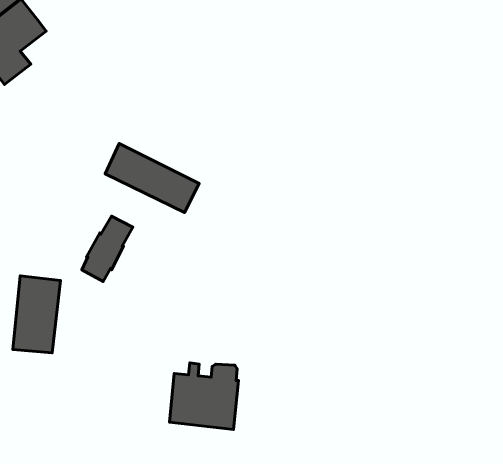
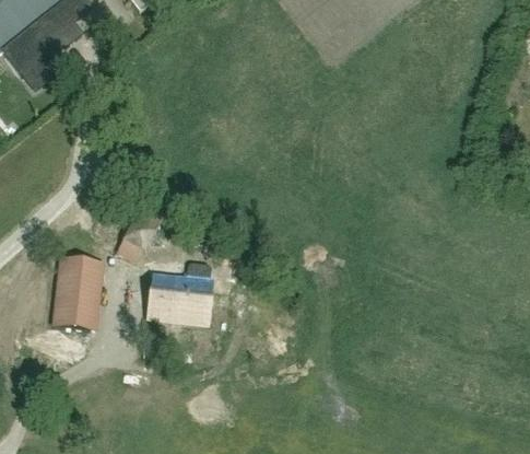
building: [105,144,199,212] -> none
building: [170,363,238,429] -> [149,264,212,325]

